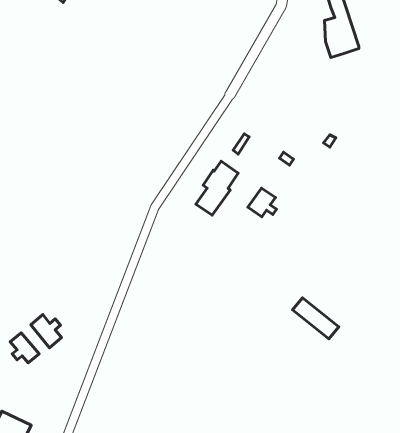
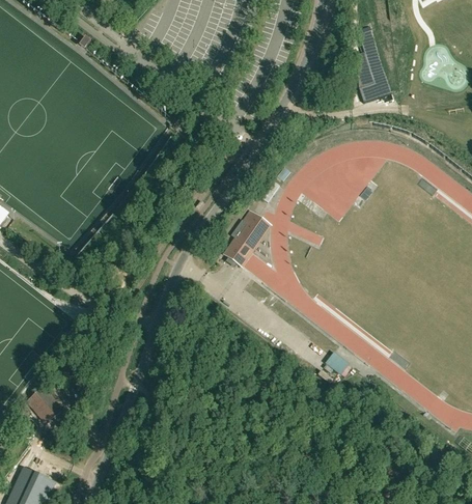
building: [248,188,277,217] -> none
building: [31,314,61,348] -> none

